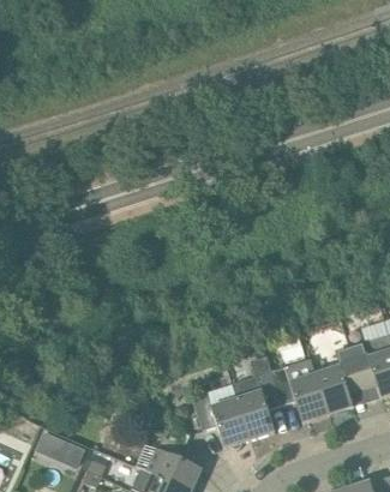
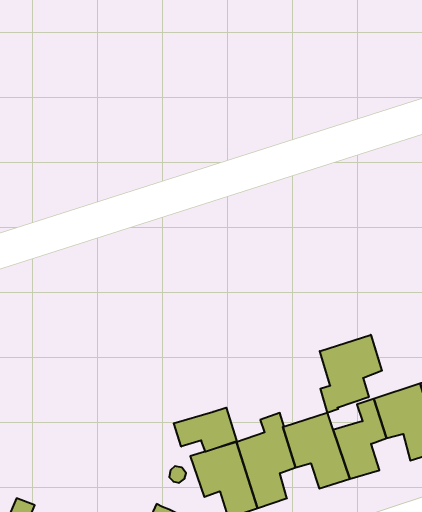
building: none -> [320,335,382,413]
building: none -> [174,408,237,452]

